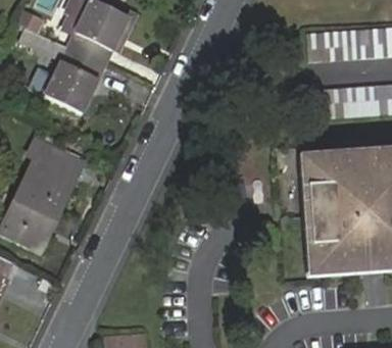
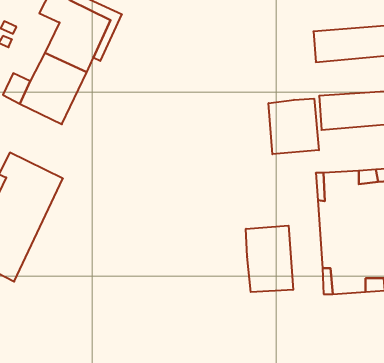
building: none -> [269,99,319,154]
building: none -> [246,226,293,292]

